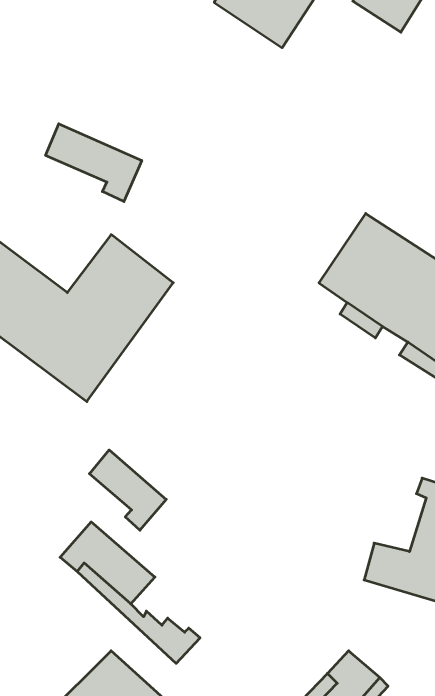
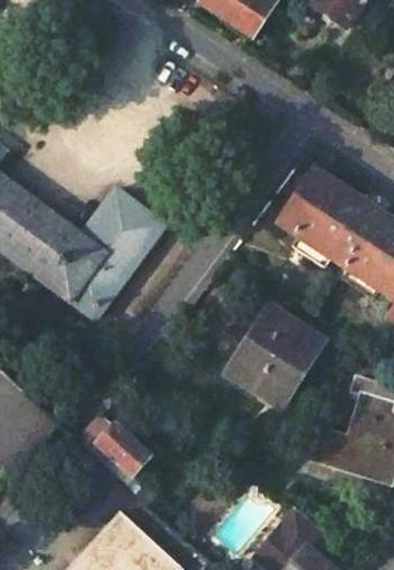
building: [46,124,142,202] -> none
building: none -> [230,311,322,405]
building: [89,450,166,530] -> none

